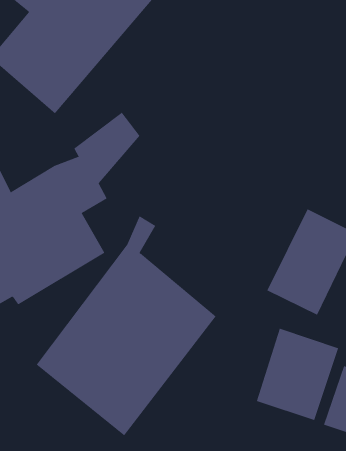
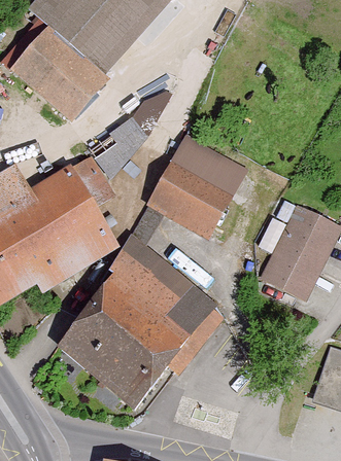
building: none -> [149,137,247,239]
building: [256,328,339,421] -> none

